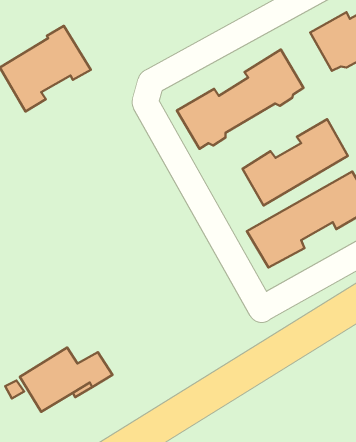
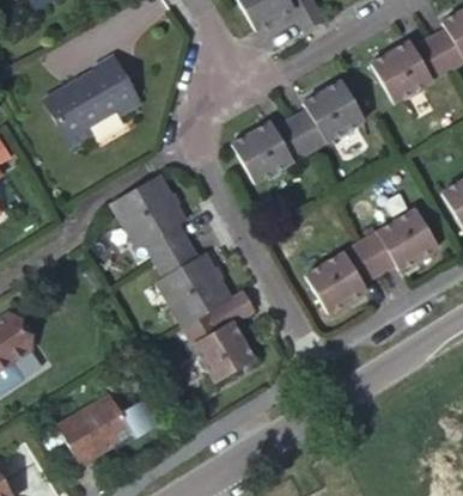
building: [243,119,348,205] -> none
building: none -> [103,174,251,382]

